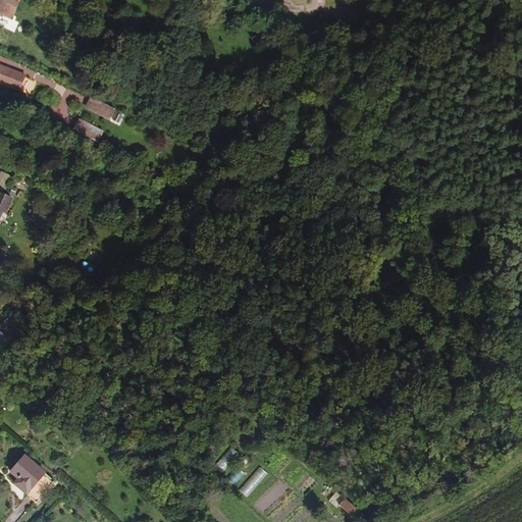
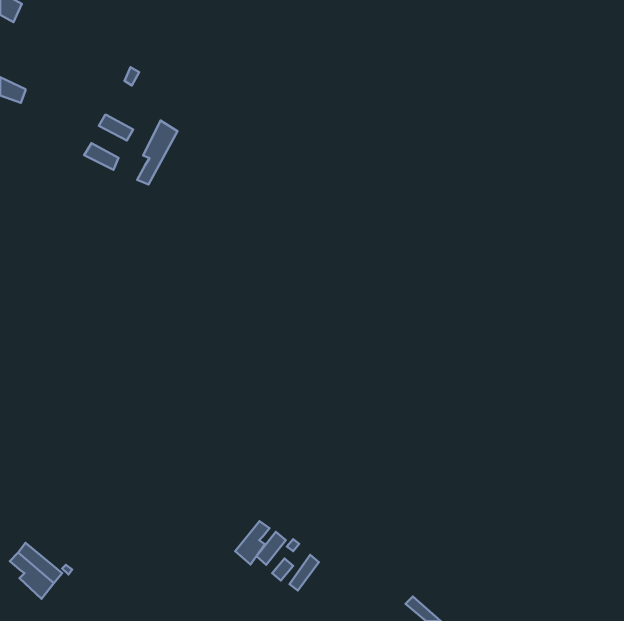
building: none -> [137,120,177,185]
building: none -> [235,521,269,565]

